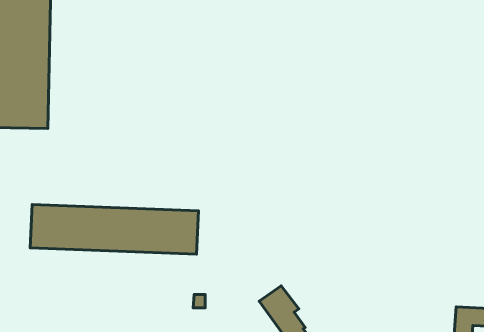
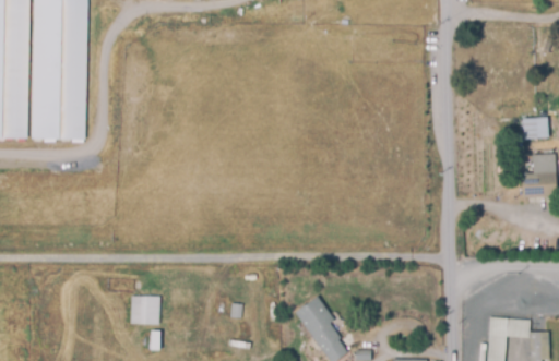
building: [30,205,198,254] -> none
building: none -> [129,297,159,326]

